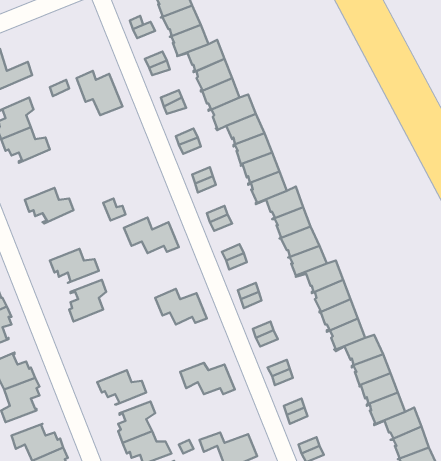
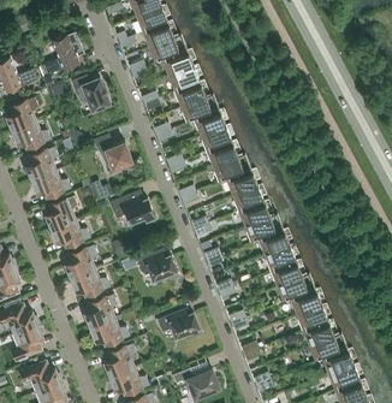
building: none -> [43,32,83,76]
building: none -> [94,135,133,174]
building: none -> [28,147,59,180]
building: none -> [48,196,78,230]
building: none -> [71,269,111,297]
building: none -> [87,295,118,328]

